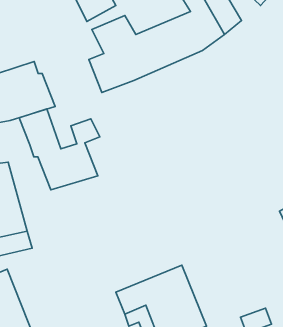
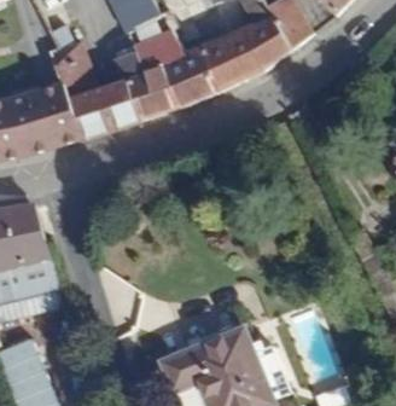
building: [19,109,100,190] -> [50,37,147,135]

